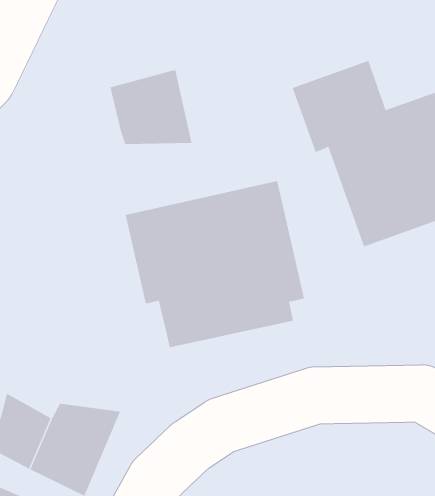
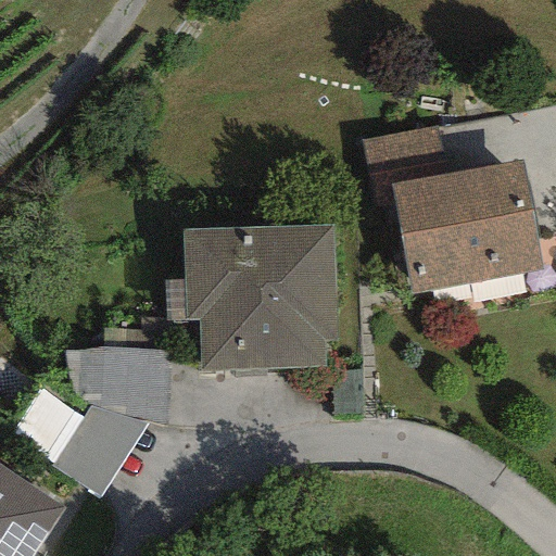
building: [110,69,192,145] -> none
building: none -> [66,345,168,426]

